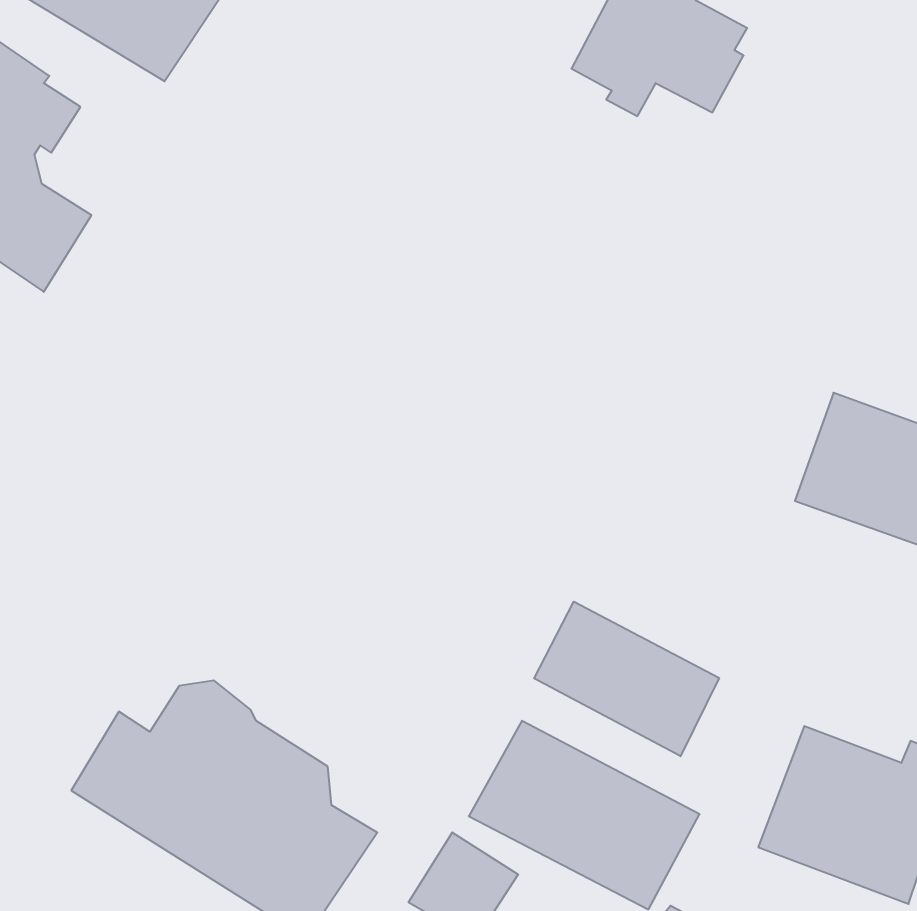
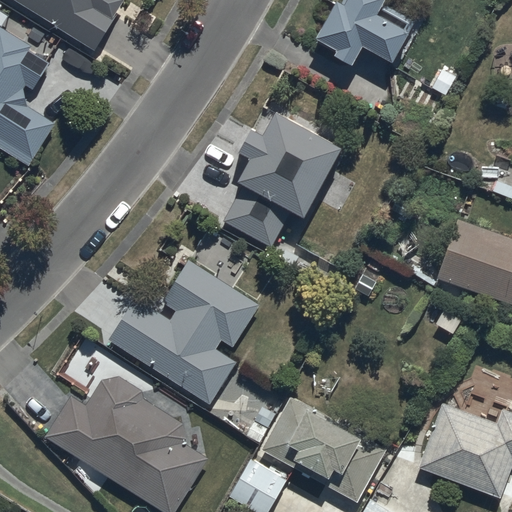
building: none -> [223,115,342,248]
building: none -> [108,260,259,404]
building: [534,602,719,756] -> none

